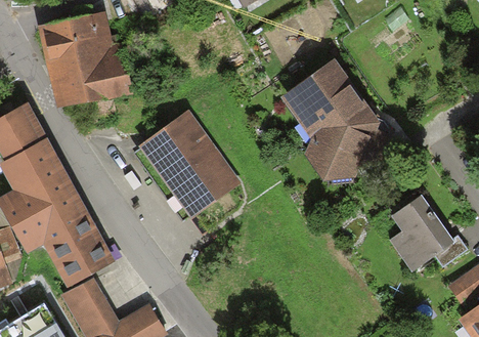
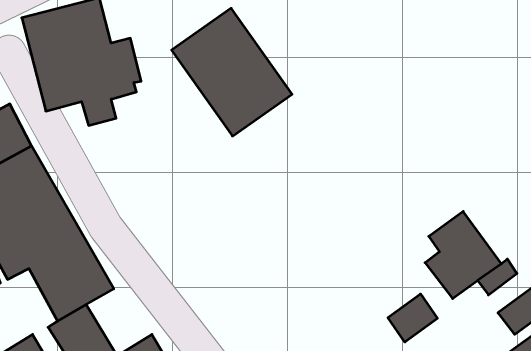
building: [280,58,394,179] -> none
building: [138,108,242,217] -> [172,8,292,136]
building: none -> [388,294,437,342]

